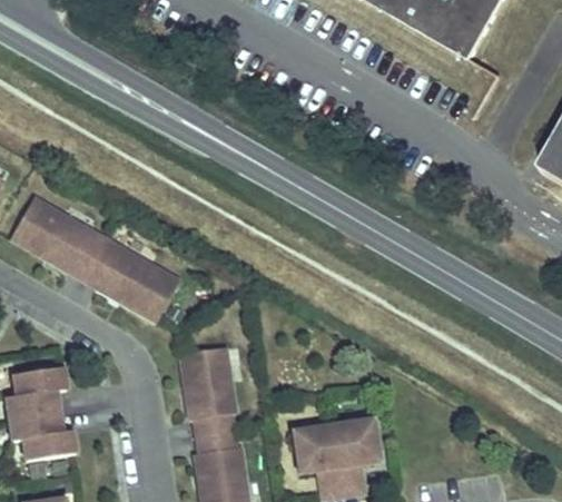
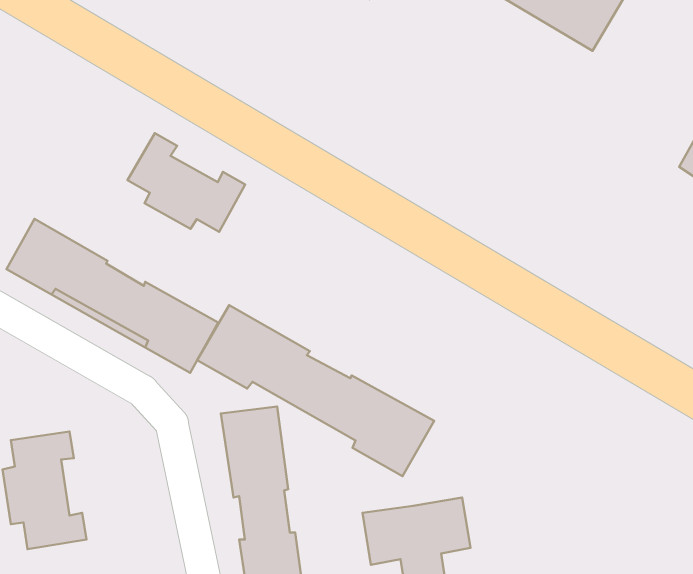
building: none -> [128,133,245,232]
building: none -> [197,305,434,476]

